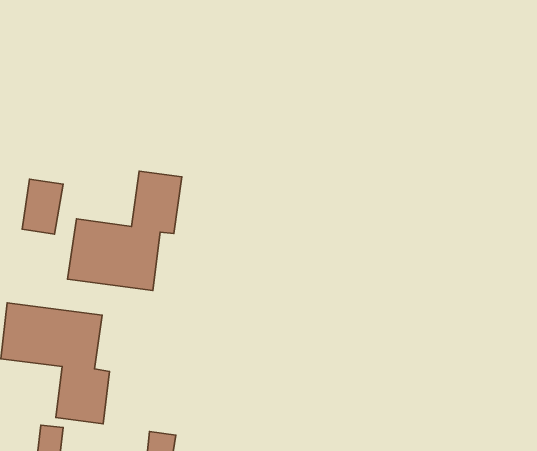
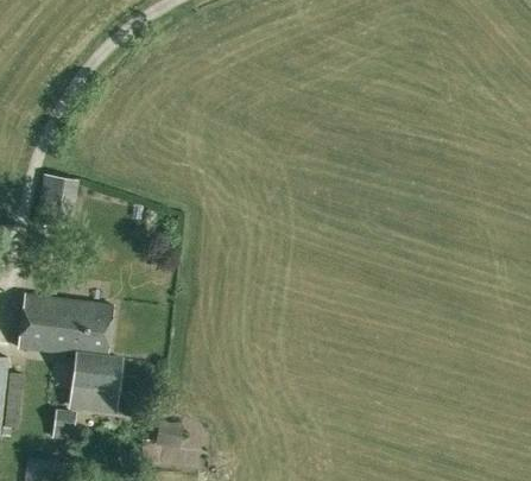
building: [68,171,182,290] -> none

